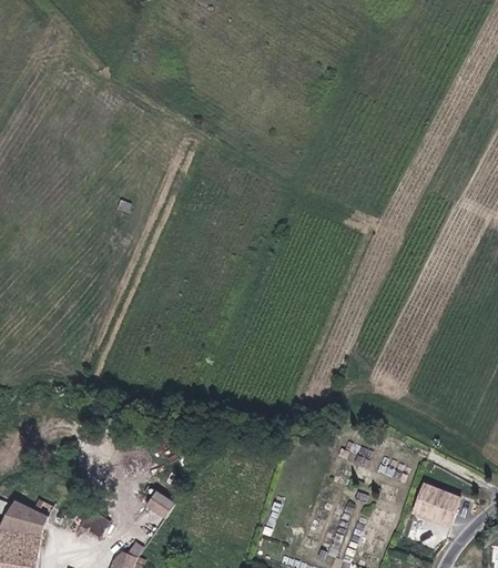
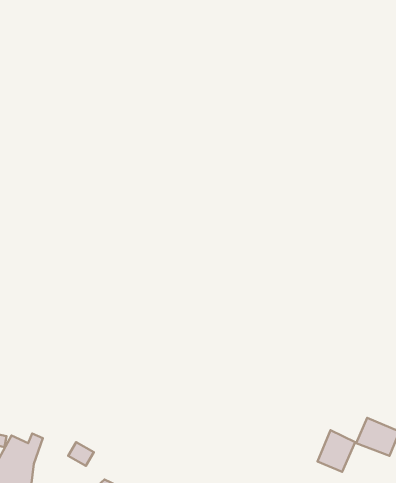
building: [146,489,176,519] -> none
building: none -> [317,430,355,472]

